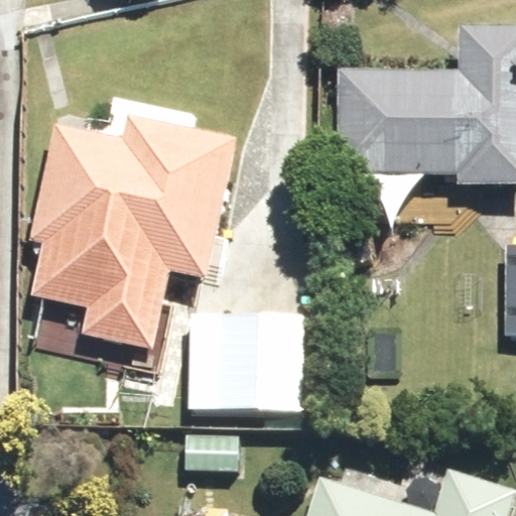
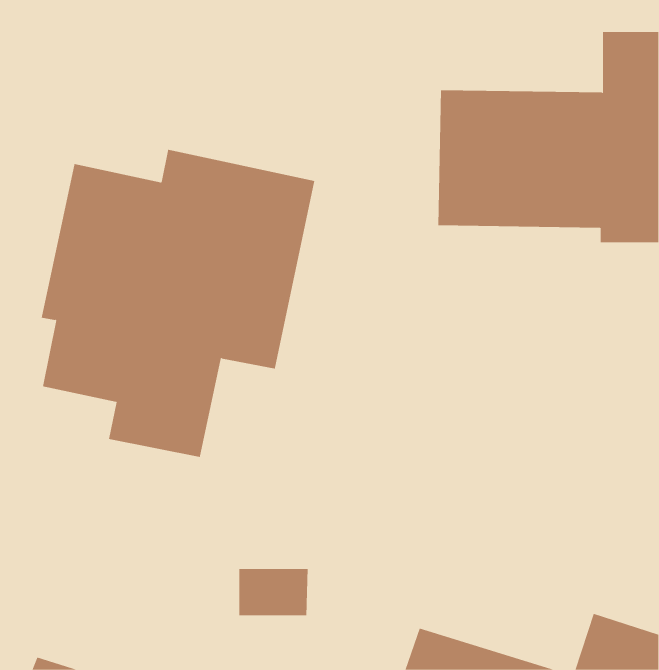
building: [188,314,307,410] -> none

